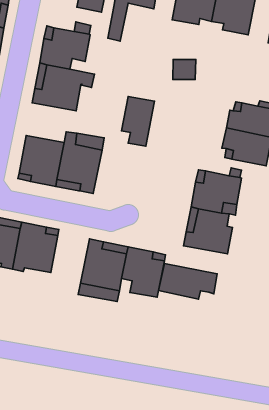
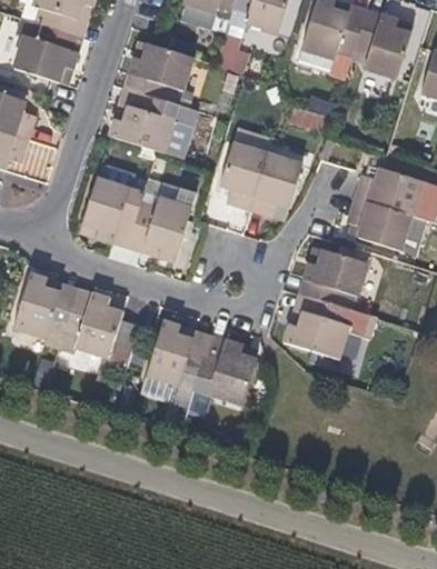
building: none -> [249,152,302,217]
building: [159,263,217,299] -> none

